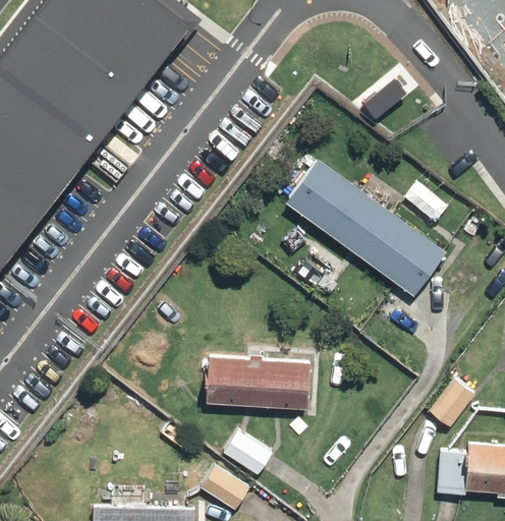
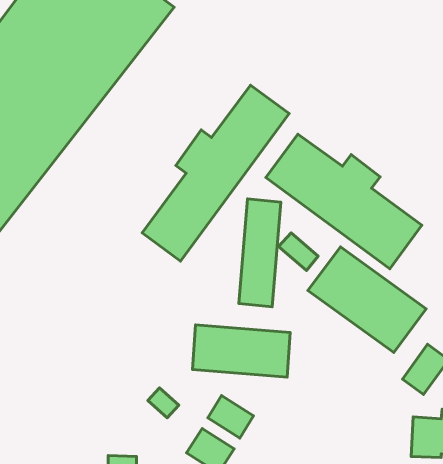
building: none -> [142,85,289,261]
building: none -> [239,199,281,307]
building: none -> [308,247,426,352]

